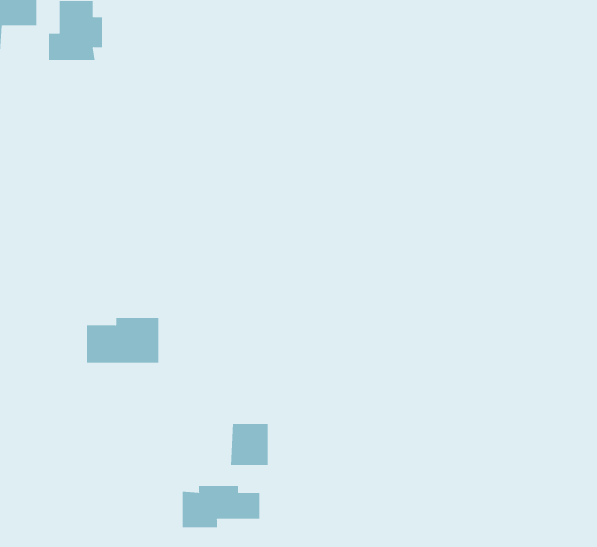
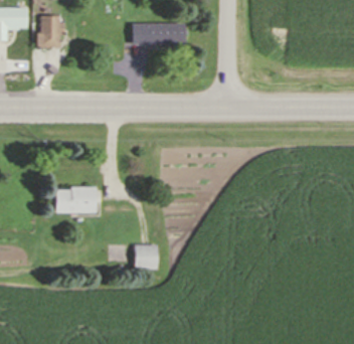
building: none -> [132,24,184,45]
building: [182,485,260,528] -> none

